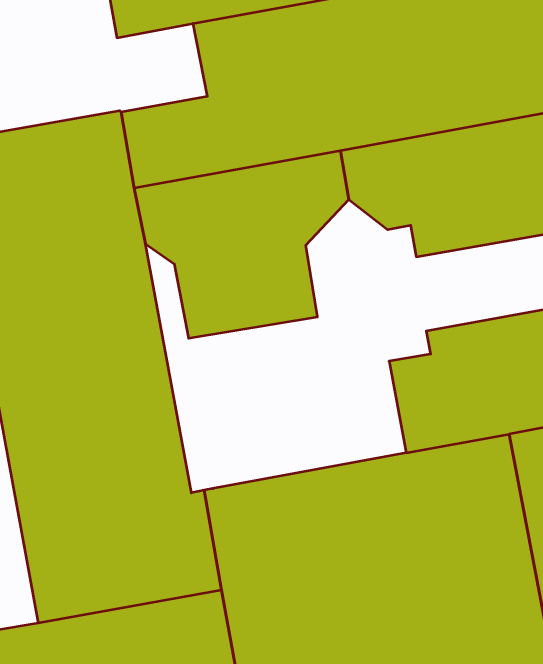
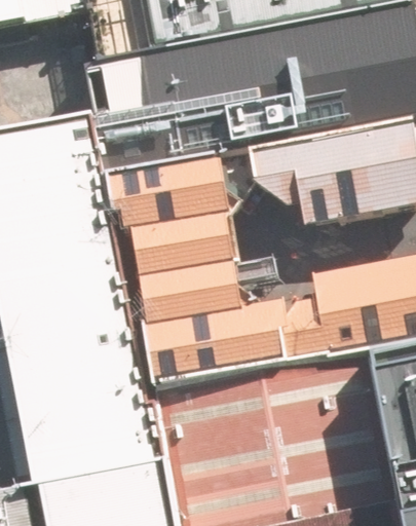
building: none -> [142,265,298,388]

